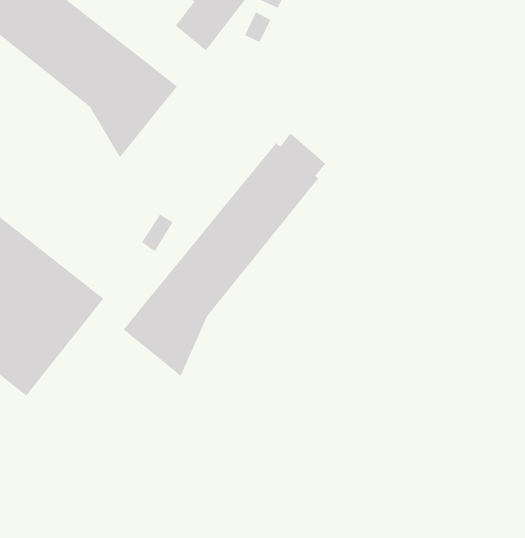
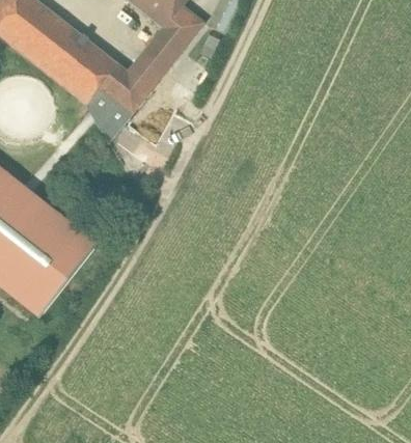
building: none -> [128,44,172,88]
building: [123,133,326,377] -> none

